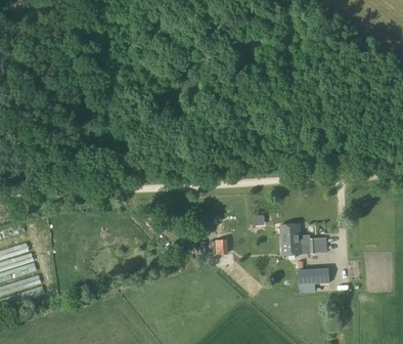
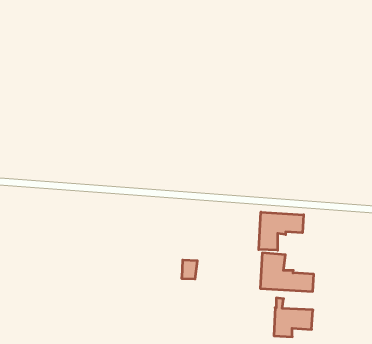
building: none -> [259,212,304,250]

